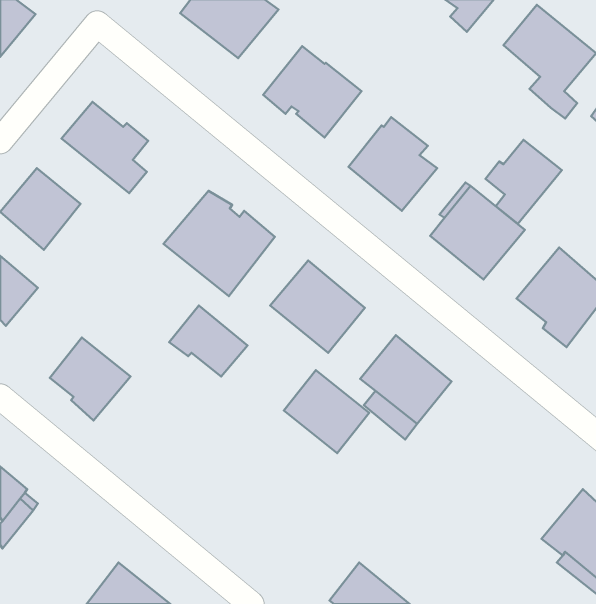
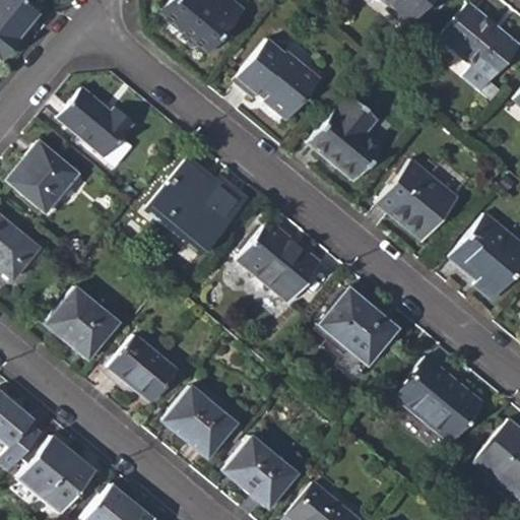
building: [485,140,562,224] -> none
building: [169,305,247,376] -> [113,338,180,399]
building: [284,370,369,453] -> [165,386,238,457]
building: none -> [394,359,480,442]
building: none -> [19,436,94,511]
building: none -> [225,437,299,507]

